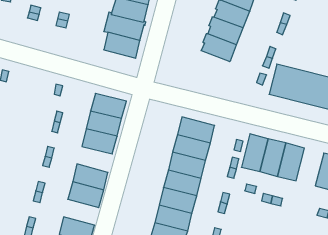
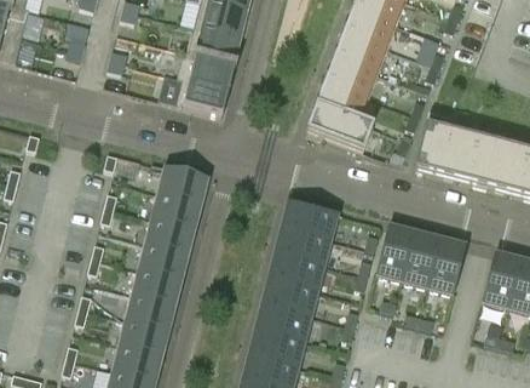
building: none -> [307,104,373,152]
building: none -> [138,242,189,280]
building: none -> [119,319,169,356]

